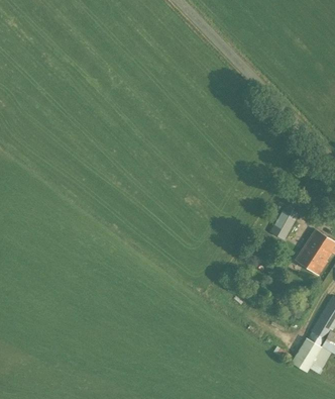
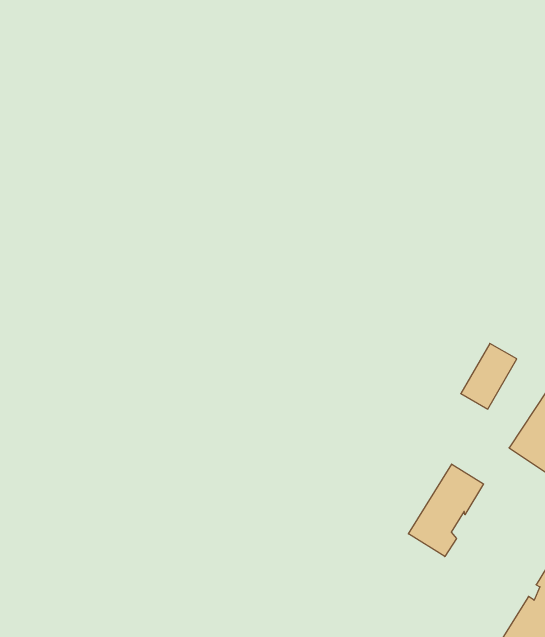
building: none -> [408,464,484,557]

